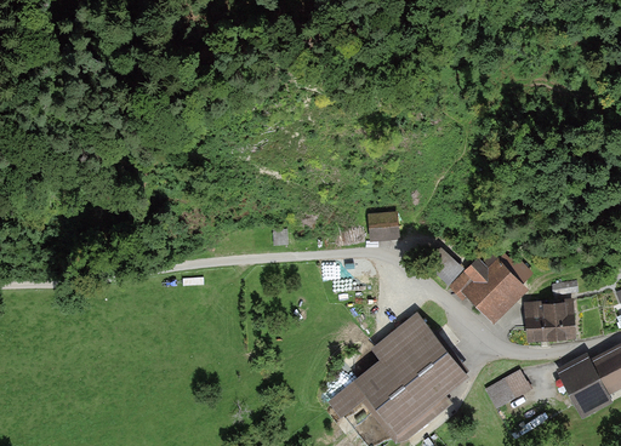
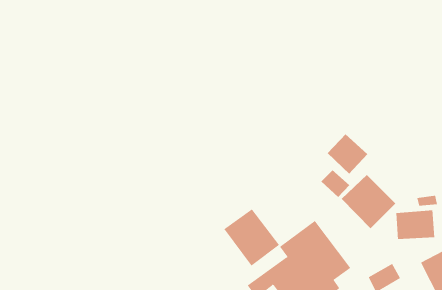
building: none -> [327,133,368,174]
building: [368,207,400,241] -> none
building: none -> [223,208,280,266]

